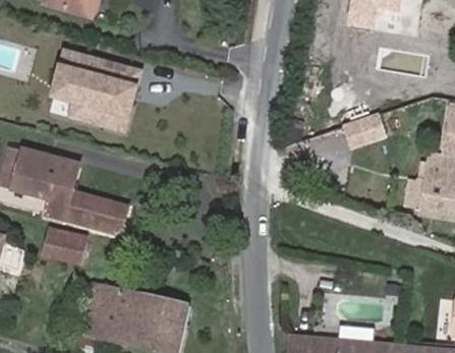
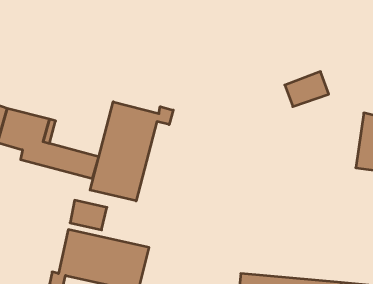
building: [45,41,147,130] -> none
building: none -> [90,102,173,201]
building: [45,229,87,262] -> [70,200,107,230]

